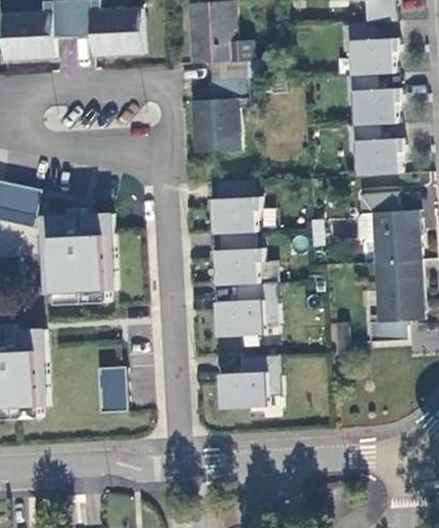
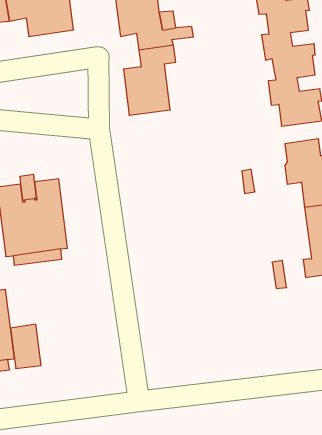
building: [212,180,277,336] -> none
building: [221,355,281,408] -> none
building: [96,364,126,410] -> [11,324,41,369]

